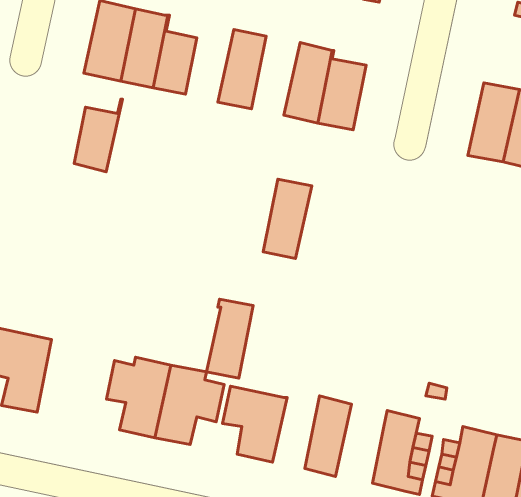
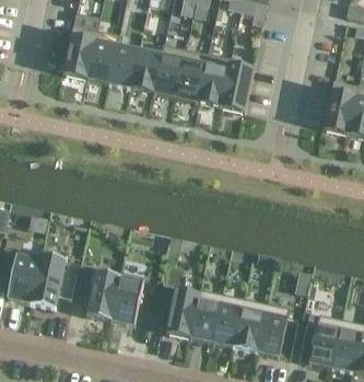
building: [74,99,122,172] -> [131,45,164,94]
building: [263,179,312,258] -> [176,49,209,103]
building: [206,299,253,378] -> [190,289,222,343]
building: none -> [31,250,77,310]
building: none -> [233,299,268,352]

